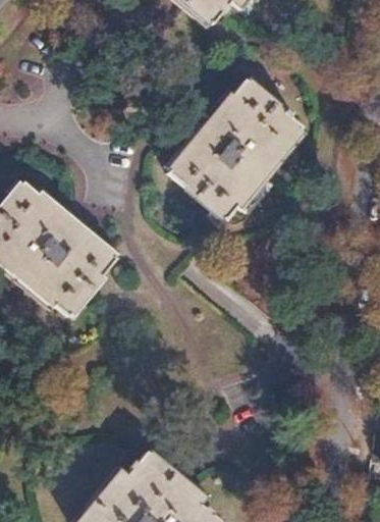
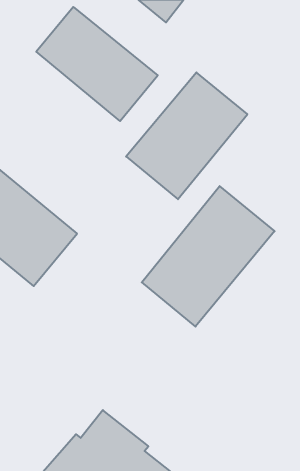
building: none -> [36,7,158,121]
building: none -> [142,186,275,327]

